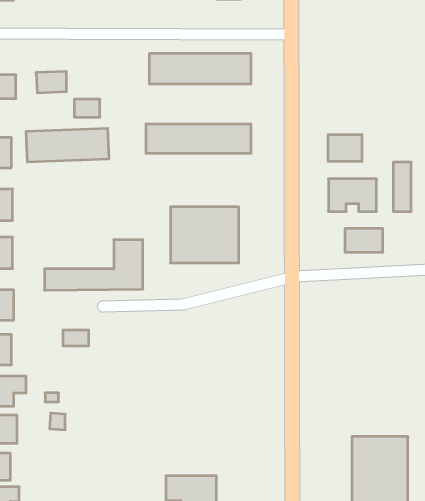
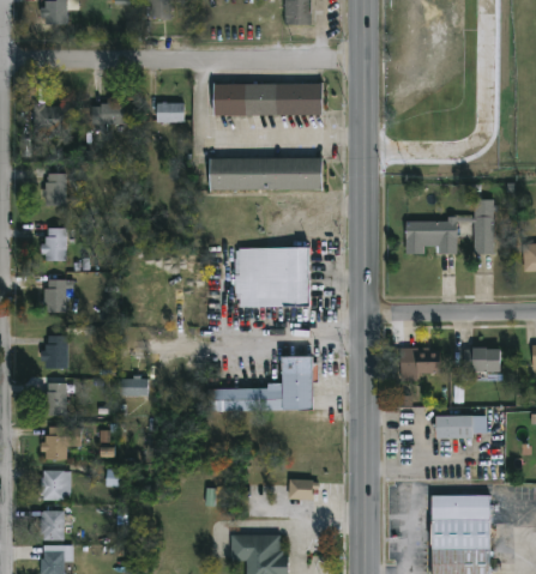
building: [74,99,100,117] -> [157,103,185,122]
building: [26,128,109,162] -> none
building: [328,135,362,161] -> none
building: [345,229,383,252] -> [398,346,439,371]
building: [44,240,143,290] -> [207,357,313,411]
building: none -> [464,346,500,370]
building: none -> [435,413,487,435]
building: none -> [290,478,318,499]

